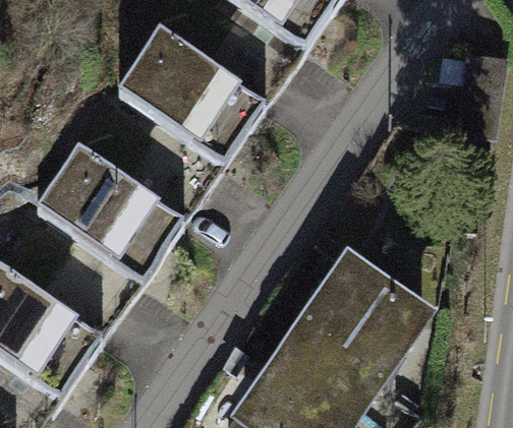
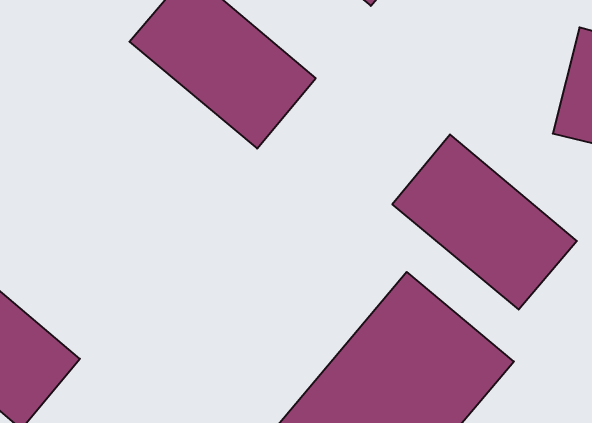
building: none -> [392,134,577,310]
building: [36,144,183,278] -> none

